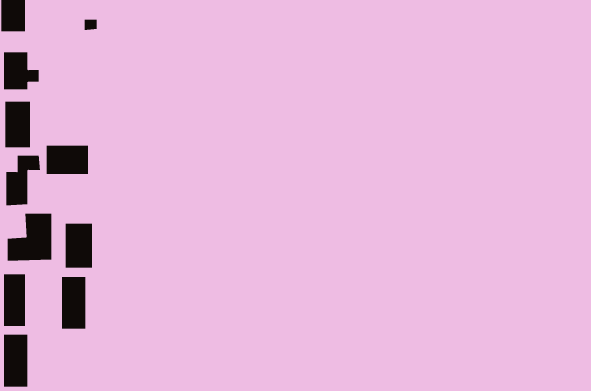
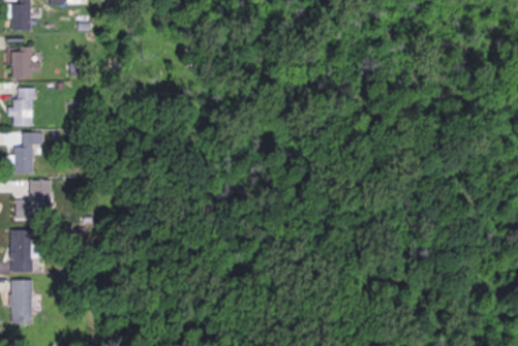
building: [46,145,89,175] -> none
building: [65,223,92,268] -> none
building: [62,276,86,330] -> none

